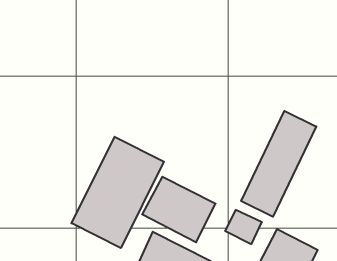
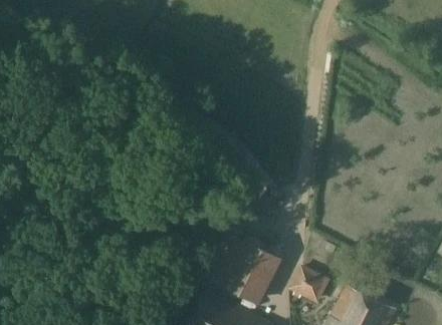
building: [241,111,316,217] -> none
building: [71,137,164,248] -> none

